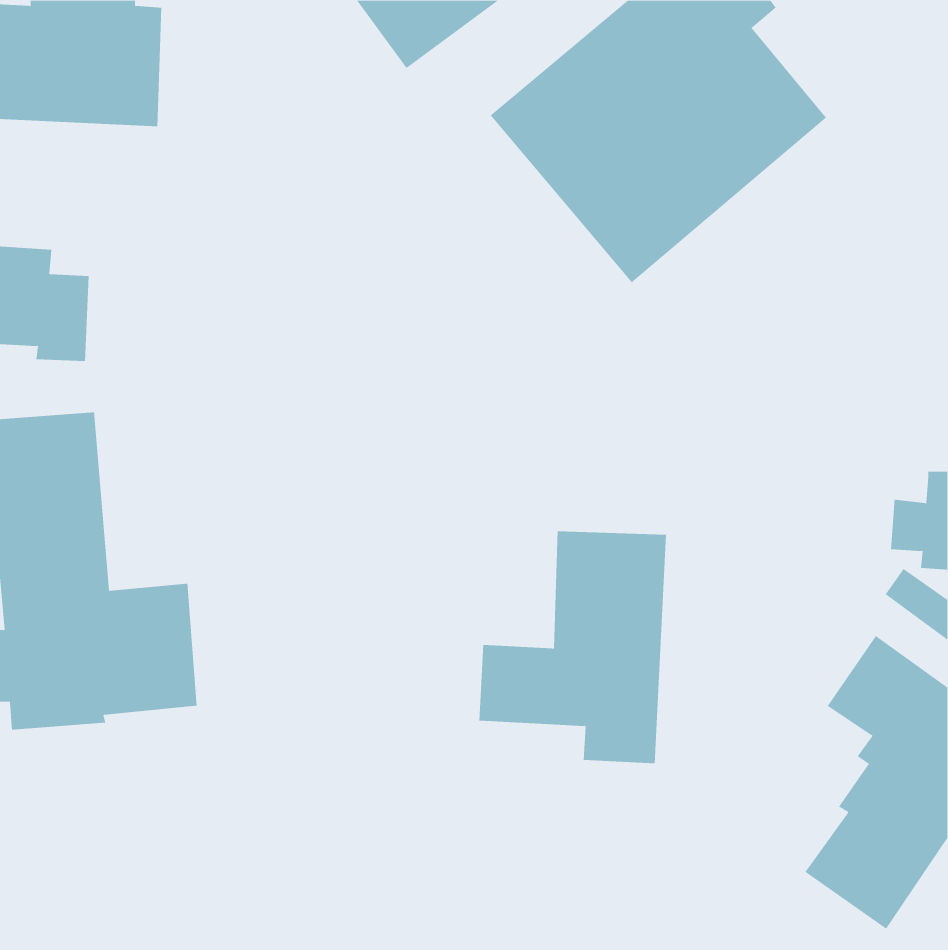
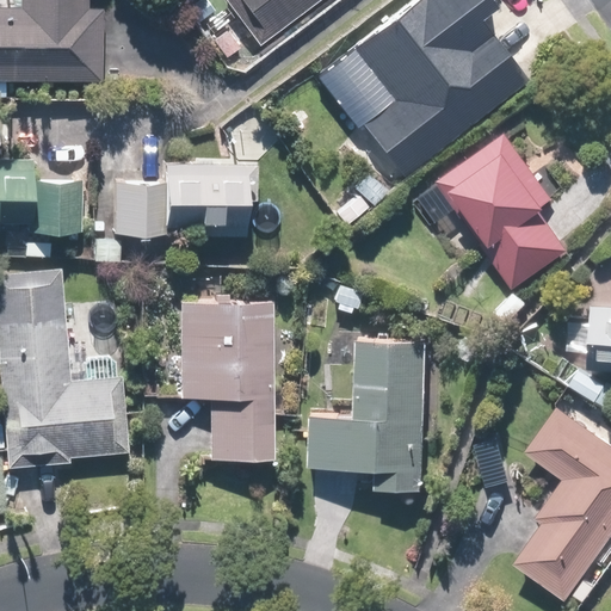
building: none -> [438,130,568,289]
building: none -> [106,160,257,236]
building: none -> [174,300,276,467]

